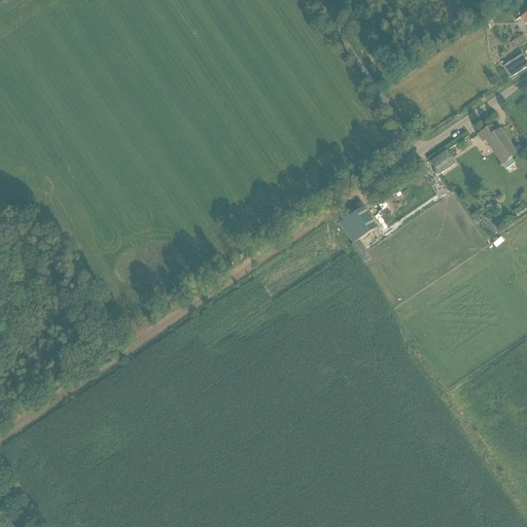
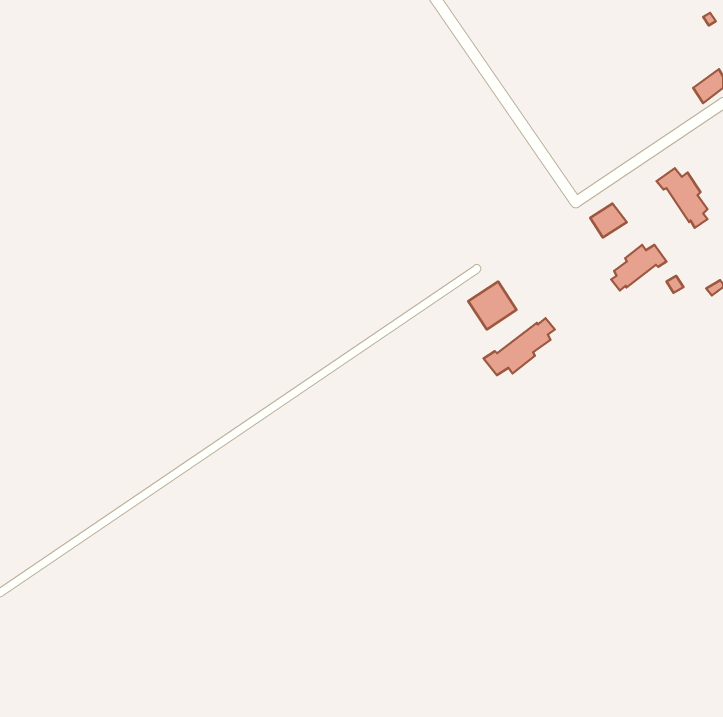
building: none -> [611,245,667,291]
building: none -> [484,318,555,375]

